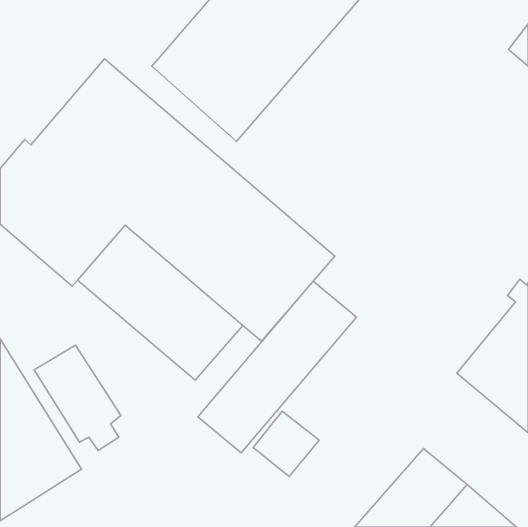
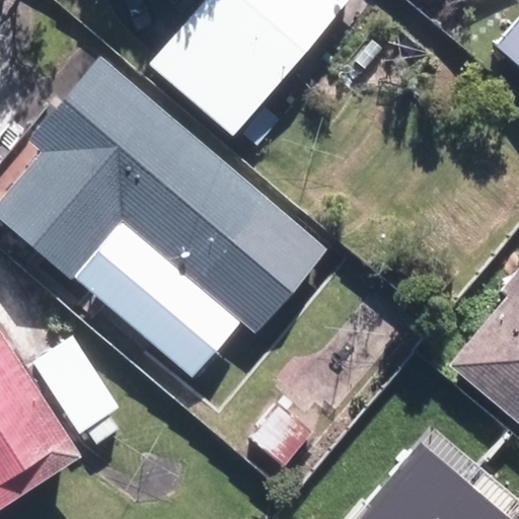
building: [198,281,356,453] -> none

